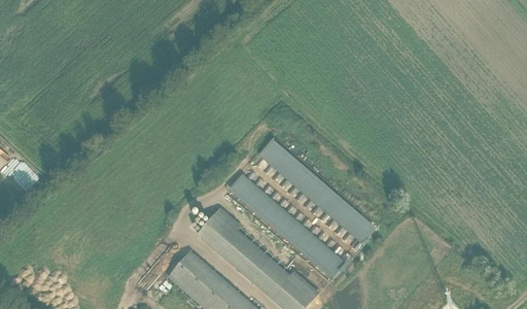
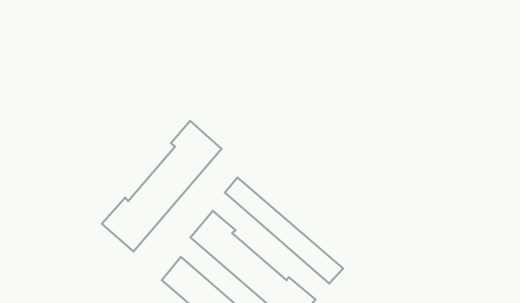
building: none -> [102,121,222,251]
building: [260,139,375,241] -> none

